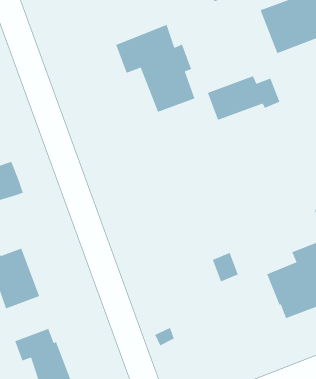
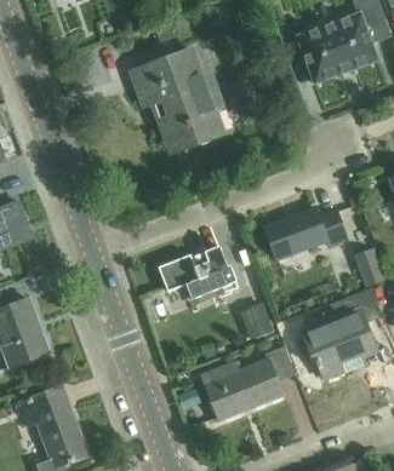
building: [207,75,281,121] -> [264,207,347,258]
building: none -> [159,247,238,300]
building: none -> [205,346,296,421]

